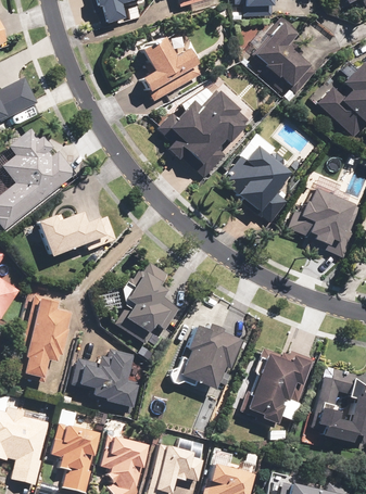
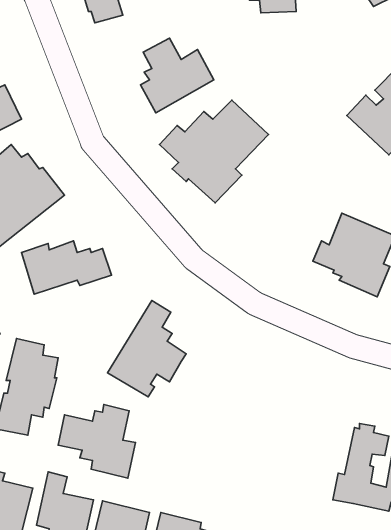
building: [254,16,317,94] -> none
building: [220,145,292,223] -> none
building: [169,322,240,391] -> none
building: [239,352,312,427] -> none

